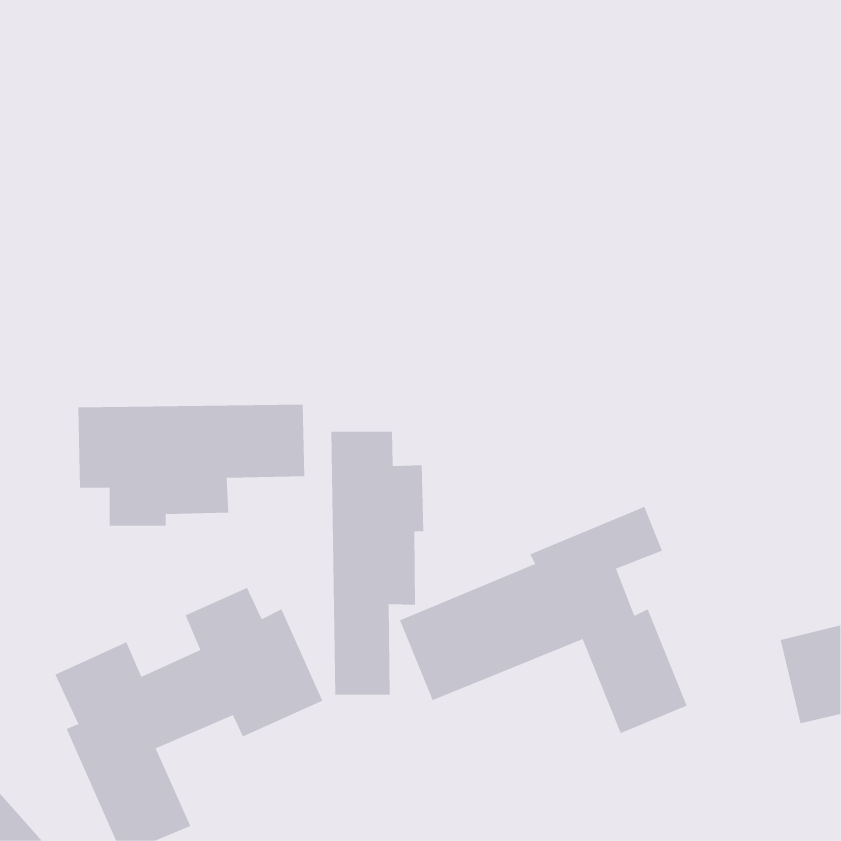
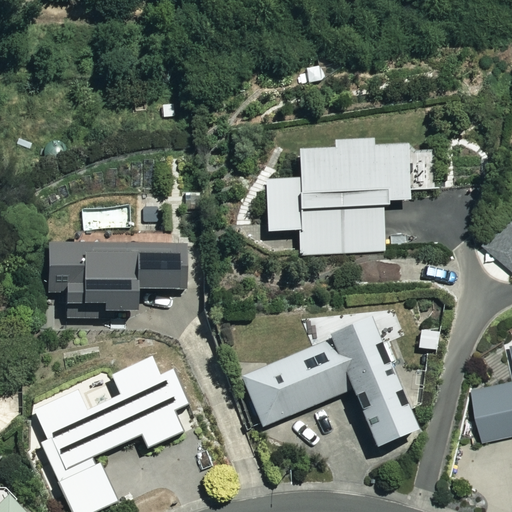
building: none -> [265,139,436,254]
building: [331,431,424,696] -> none

